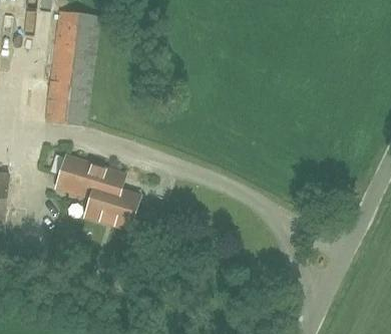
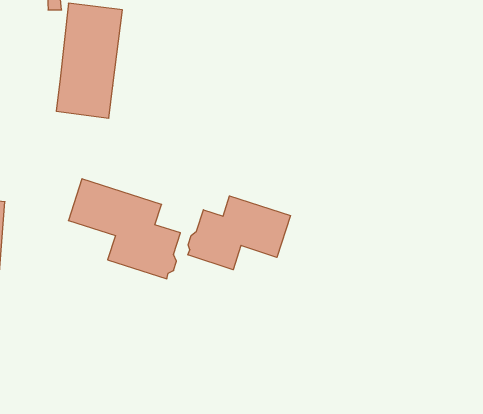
building: none -> [188,196,290,270]

